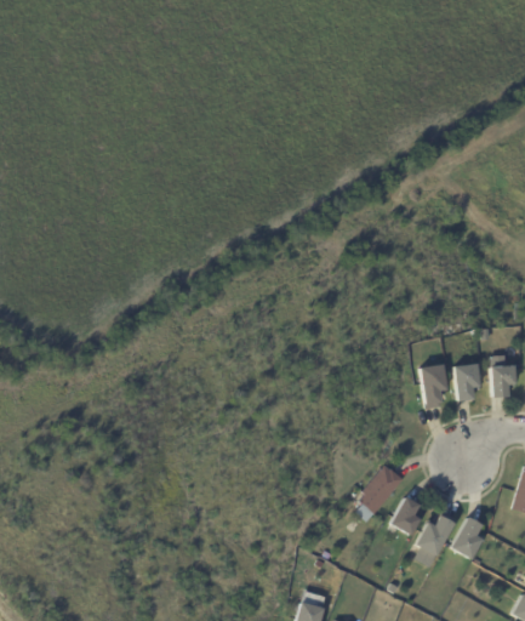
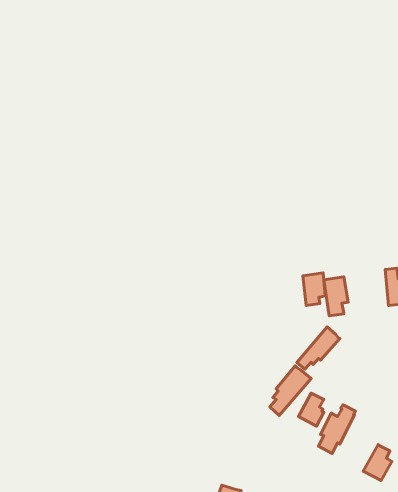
building: [456,361,481,399] -> [303,273,325,306]
building: none -> [297,327,340,369]
building: [452,515,485,557] -> [363,445,392,481]

